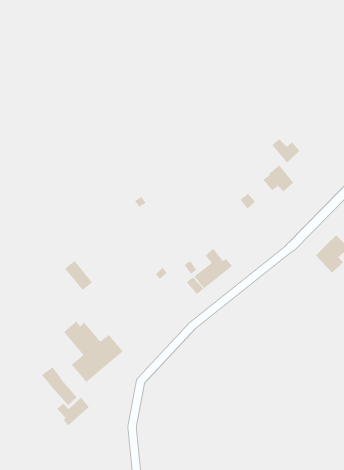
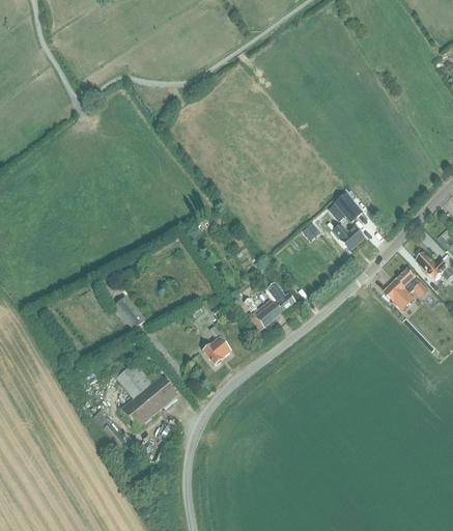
building: [272,138,300,163] -> [333,222,364,249]
building: none -> [202,325,231,364]
building: [56,397,90,426] -> none

